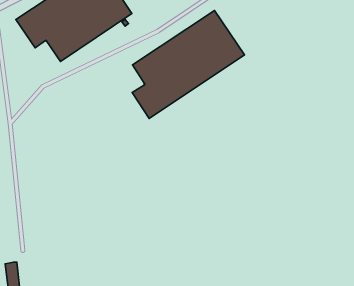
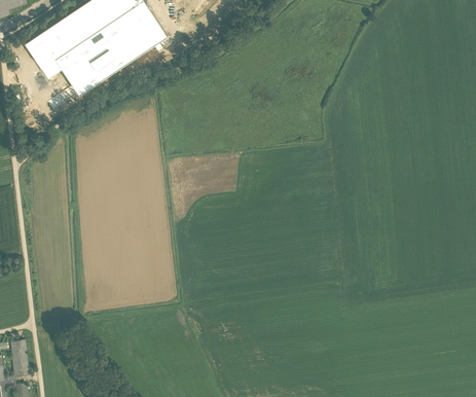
building: [132,11,244,118] -> none

